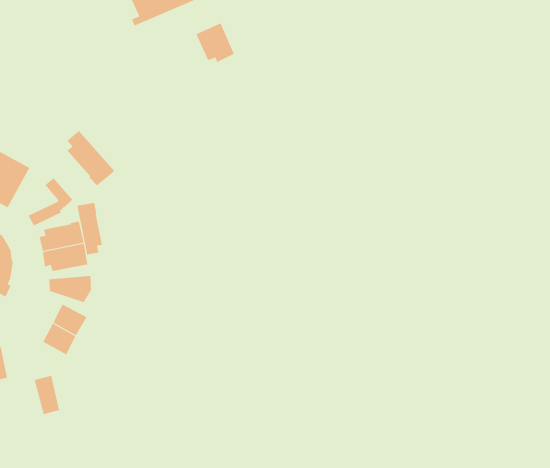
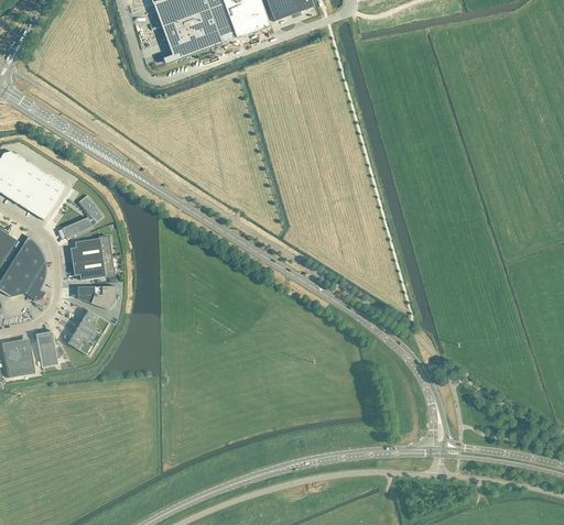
building: [196,22,235,63] -> none
building: [66,130,115,186] -> none
building: [77,202,103,255] -> none
building: [34,375,60,415] -> [35,330,57,365]

